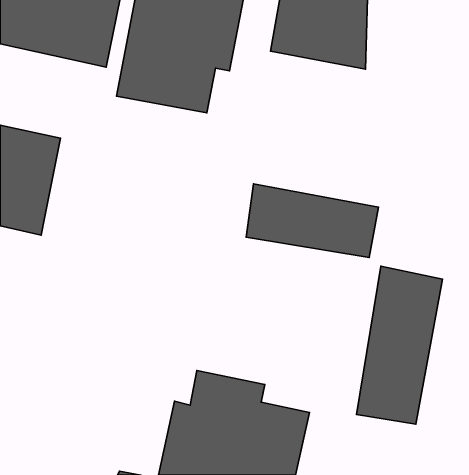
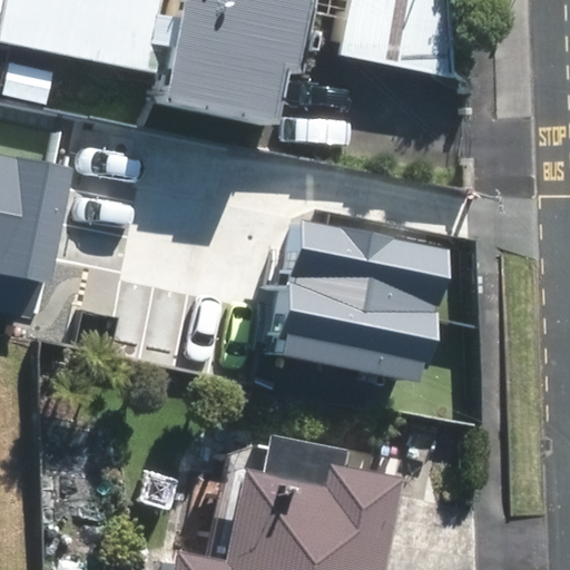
building: none -> [291,283,450,381]
building: [357,266,443,424] -> none

